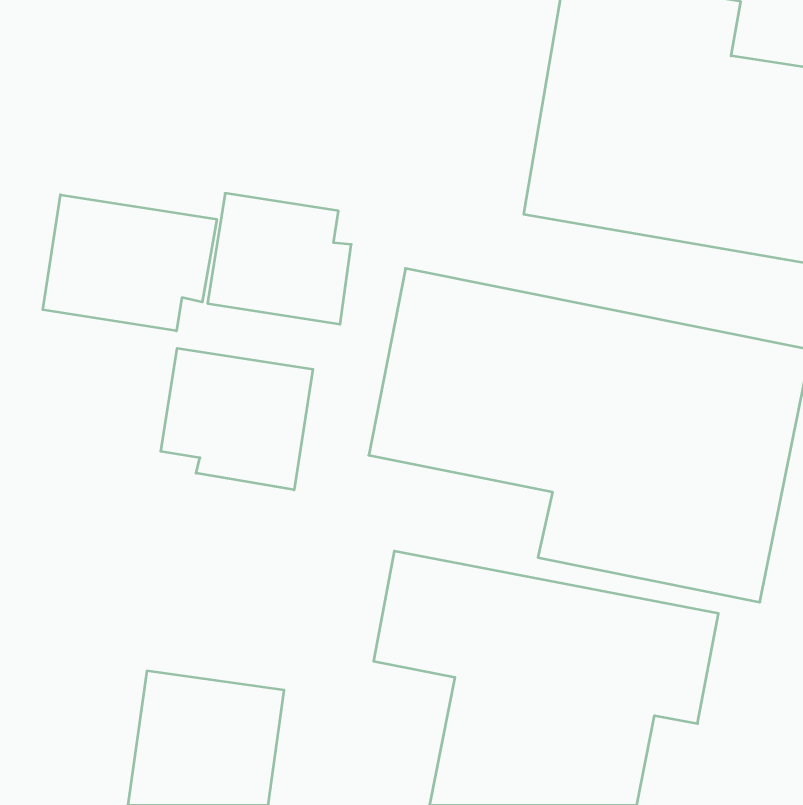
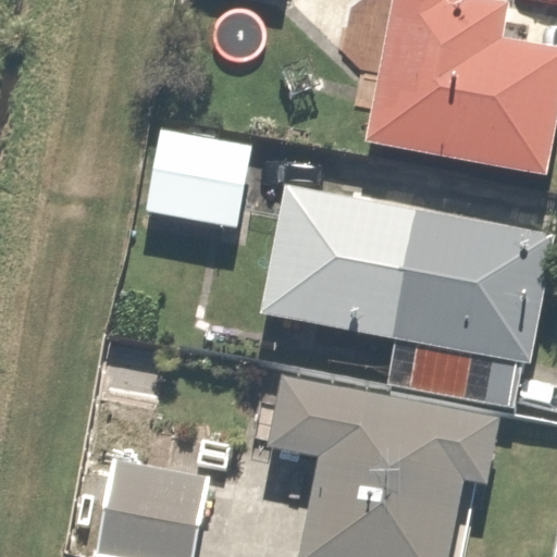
building: [43,195,217,331] -> none
building: [161,348,313,490] -> none

